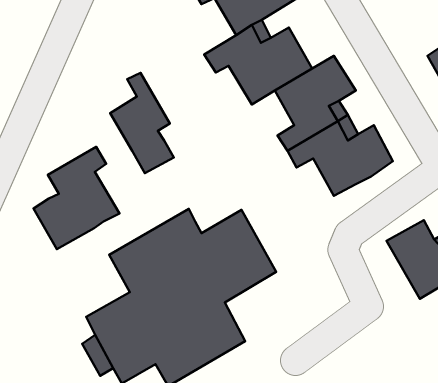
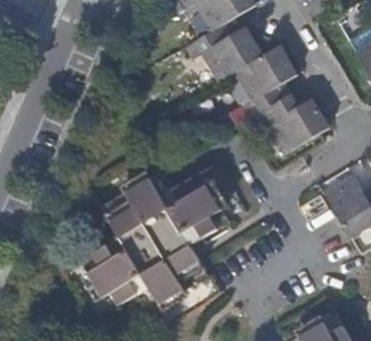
building: [110,73,174,173] -> none
building: [33,147,120,249] -> none

